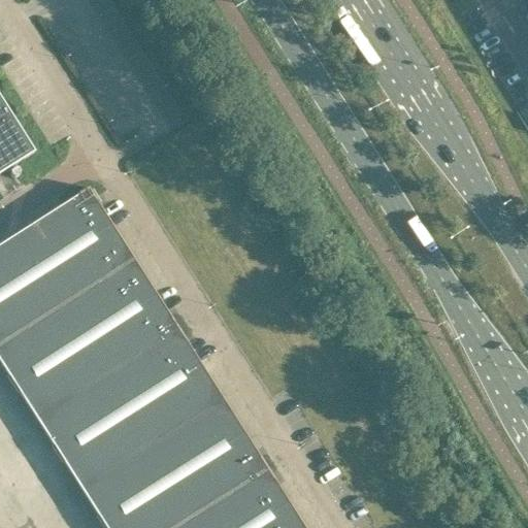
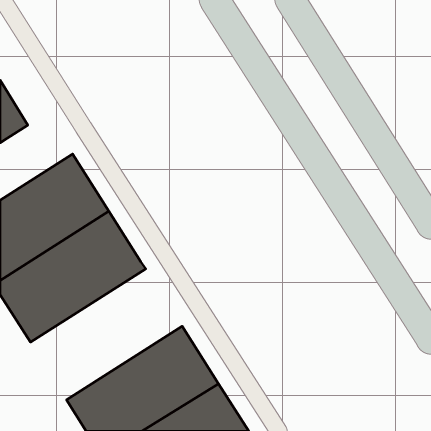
building: [37,328,223,488] -> none

